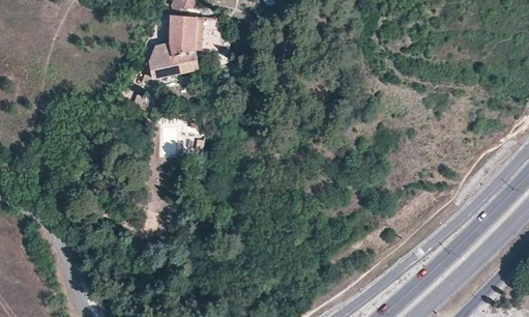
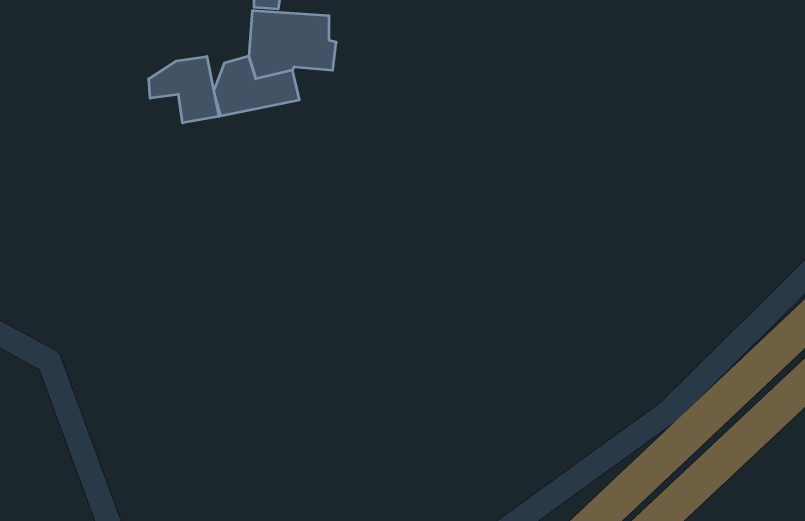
building: none -> [149,56,219,123]

